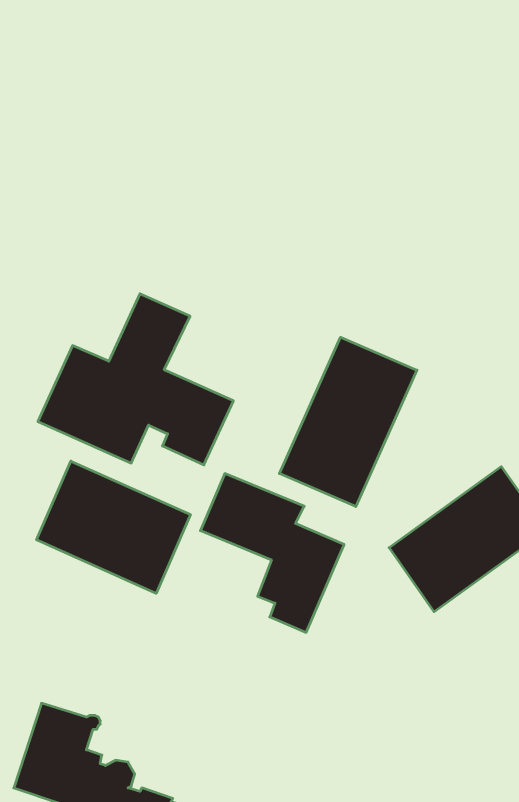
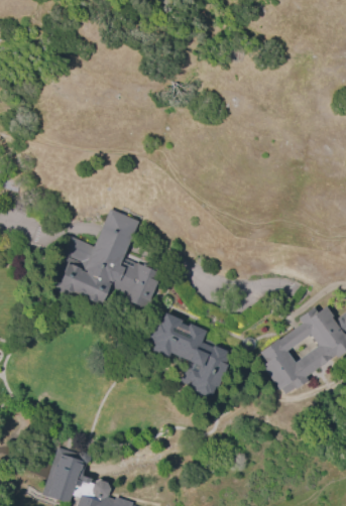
building: [279,337,417,507] -> none
building: [37,461,190,593] -> none

